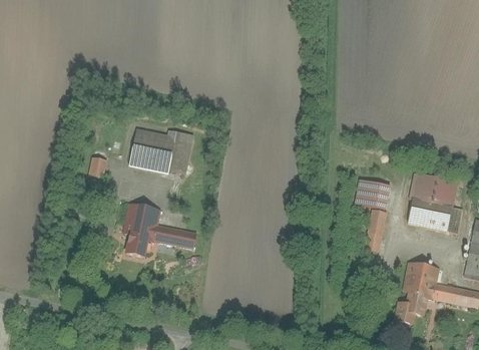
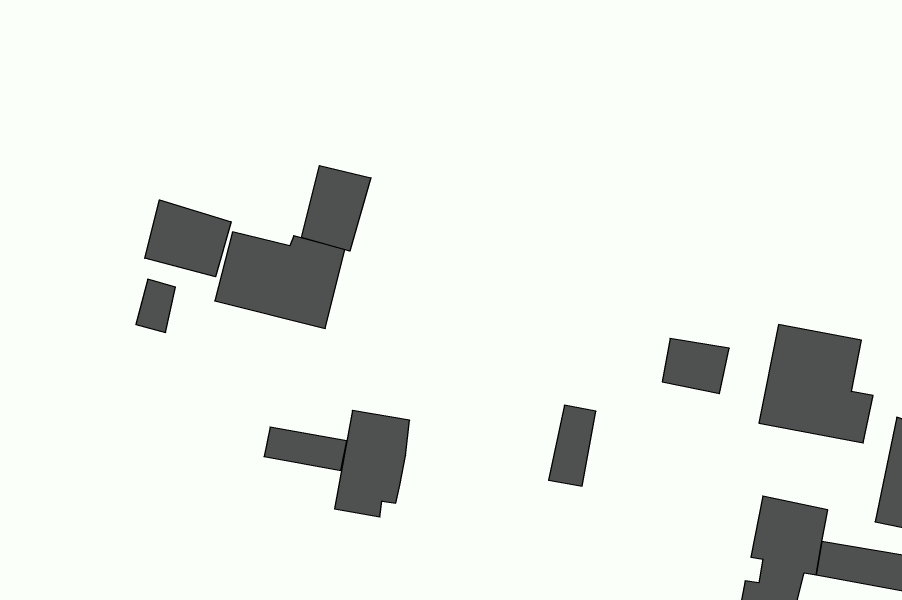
building: none -> [301,166,371,251]
building: none -> [145,200,231,277]
building: [120,203,158,257] -> [335,410,410,517]
building: [363,210,387,251] -> [549,405,596,486]

